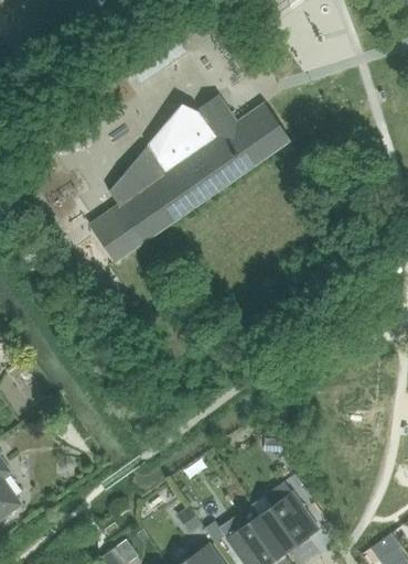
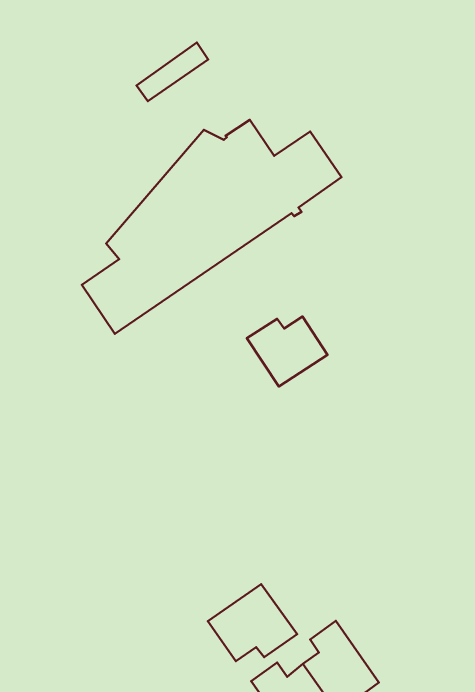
building: none -> [247,317,328,386]
building: none -> [208,584,297,661]

